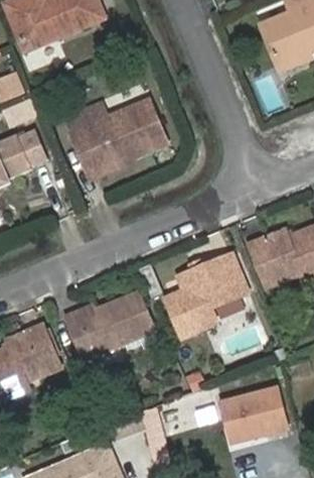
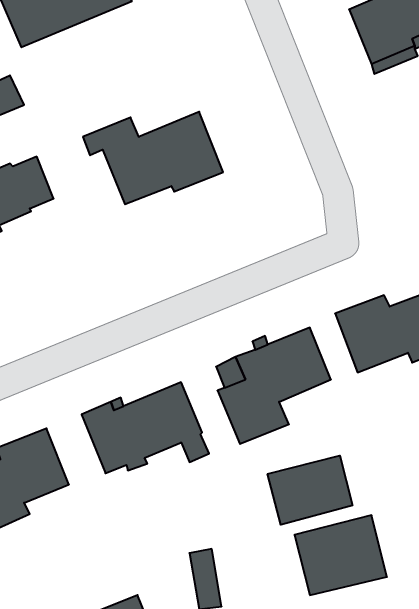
building: [70,124,136,178] -> none
building: none -> [268,456,352,525]

